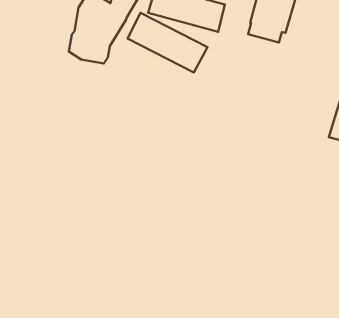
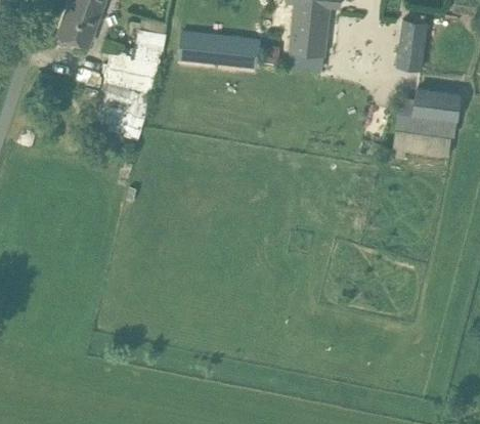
building: [128,13,208,72] -> none

